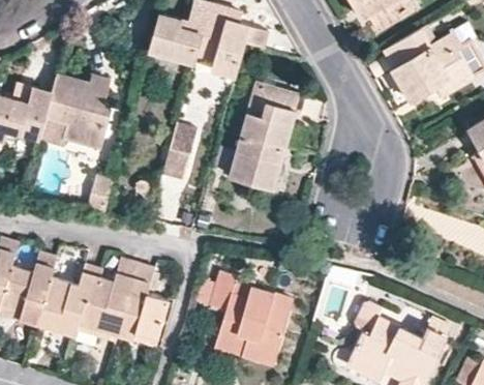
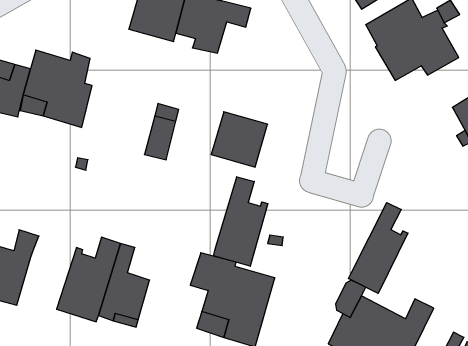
building: [240,84,297,146] -> none
building: none -> [213,177,268,266]
building: none -> [348,203,408,293]
building: [36,265,95,336] -> none

